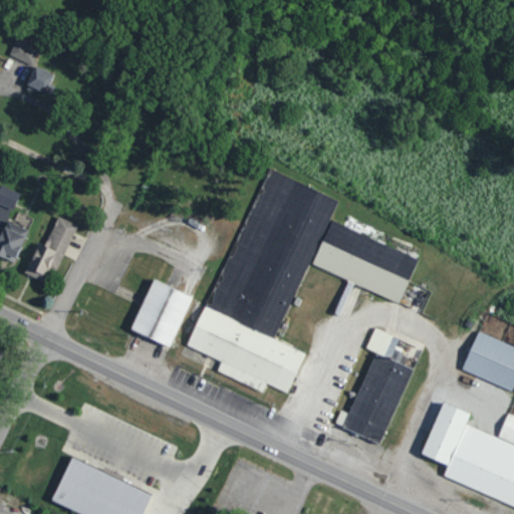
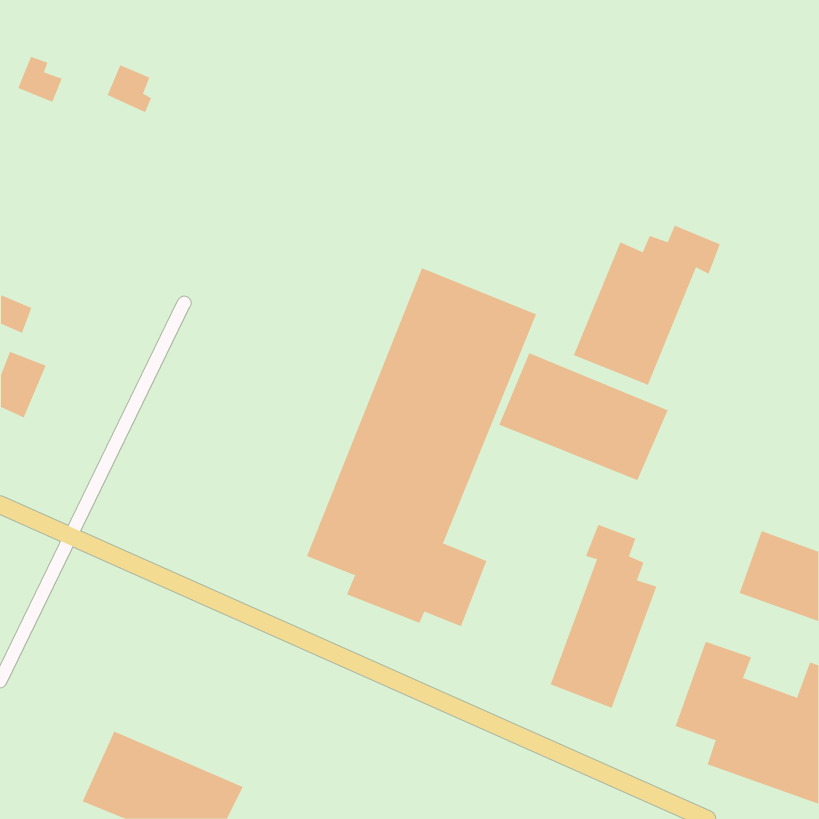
building: [27,65,55,95] -> [107,65,152,113]
building: none -> [573,225,720,386]
building: [25,216,77,281] -> none
building: [132,279,192,346] -> none

